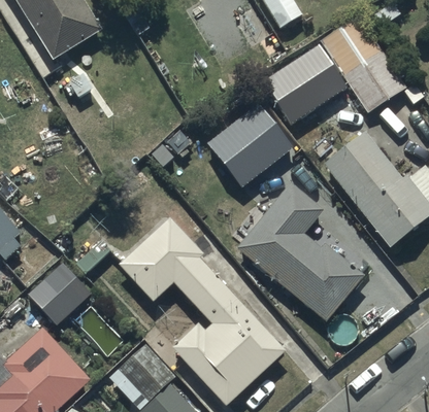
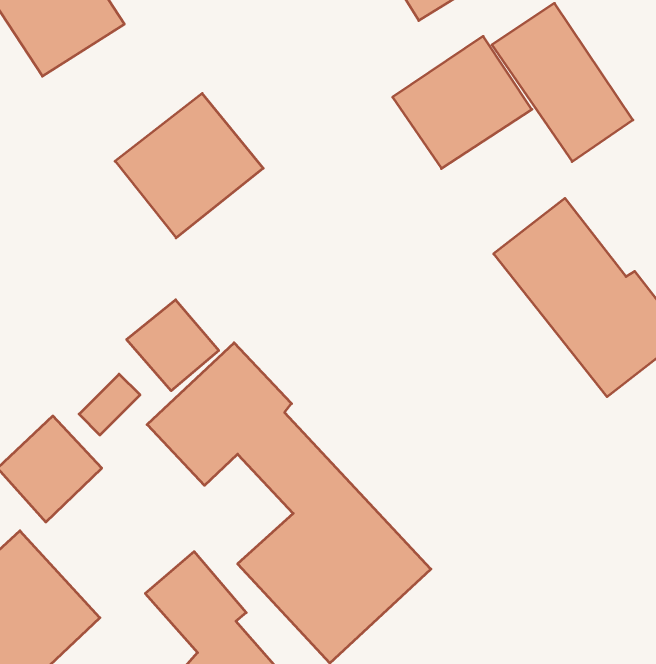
building: [206,95,294,180] -> [115,93,263,238]
building: [235,182,364,323] -> none
building: none -> [127,300,219,391]

